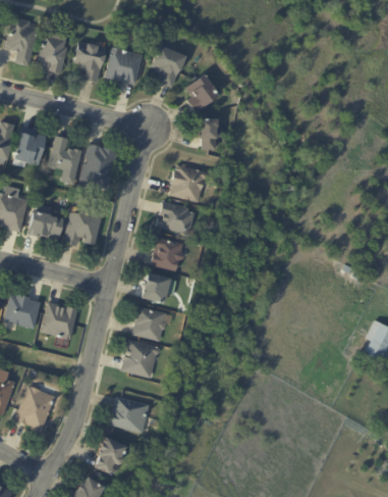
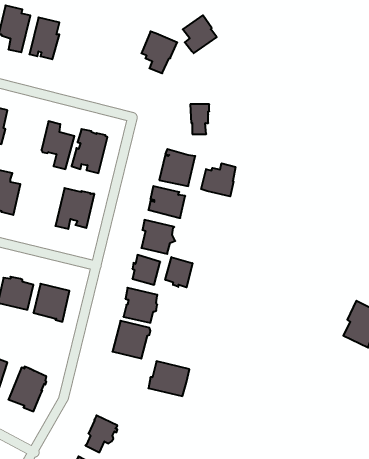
building: [73,40,105,82] -> none
building: [105,46,143,84] -> none
building: [184,72,219,111] -> [183,15,217,53]
building: [12,125,46,166] -> none
building: none -> [201,163,235,196]
building: [29,203,64,240] -> none
building: none -> [165,257,192,287]
building: [108,396,150,432] -> [148,361,189,396]

